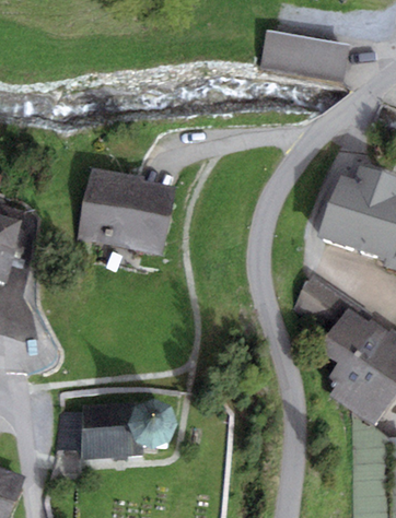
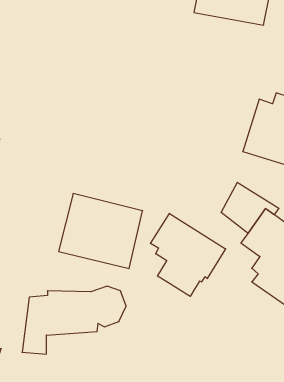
building: [75,166,177,257] -> [59,194,143,269]
building: none -> [150,213,226,296]

